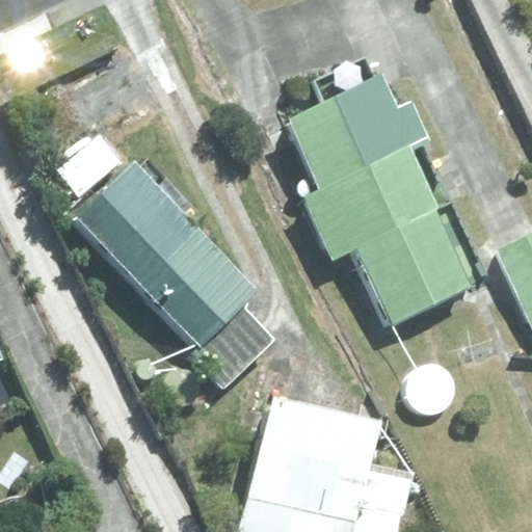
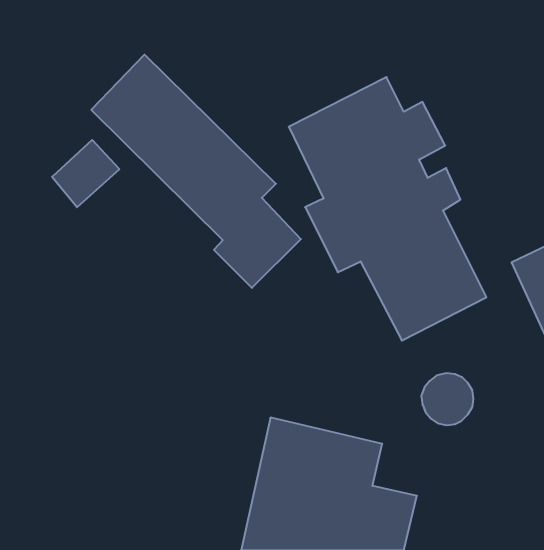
building: [76,165,276,389] -> [91,55,301,288]

